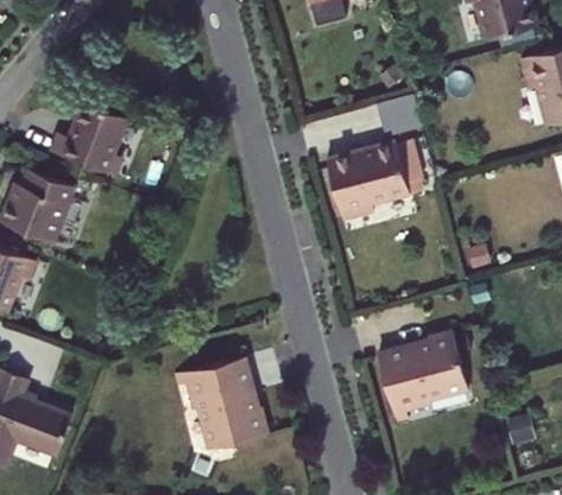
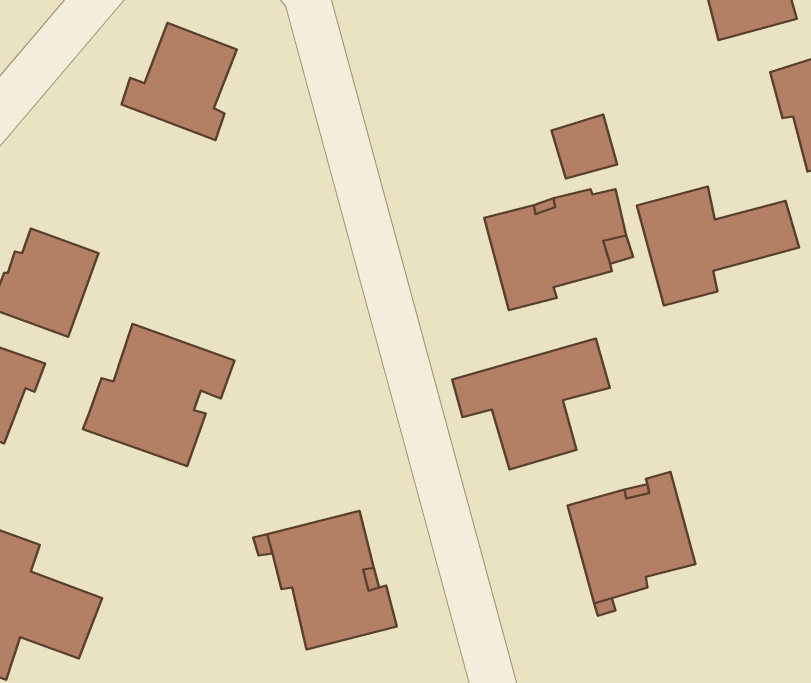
building: [50,97,127,176] -> [121,23,237,140]
building: none -> [637,187,799,306]
building: none -> [83,324,235,466]
building: none -> [452,338,610,470]

